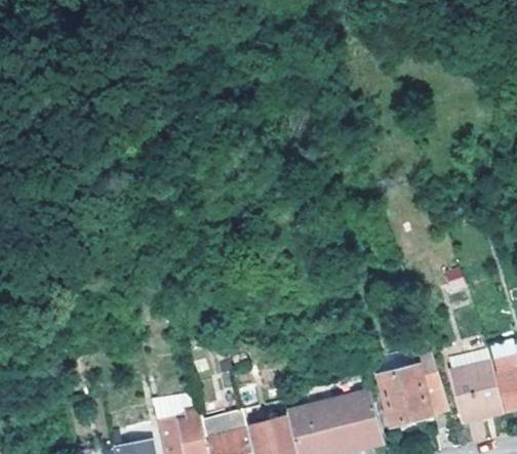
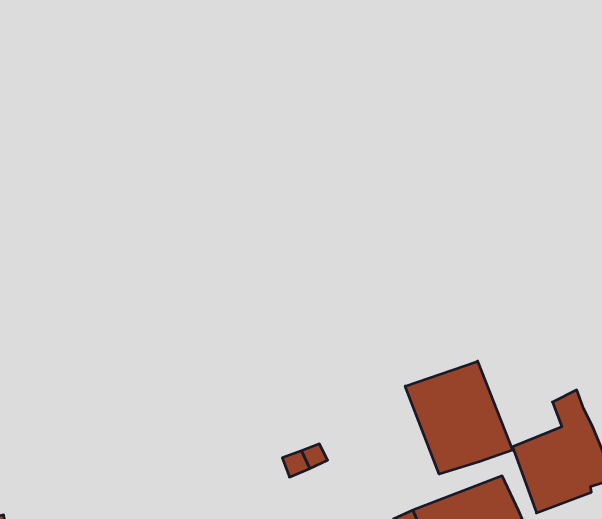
building: none -> [405,361,512,474]

